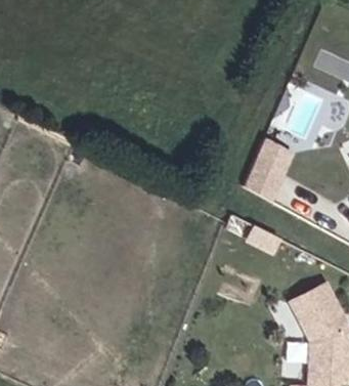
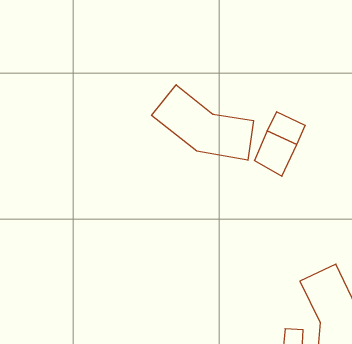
building: none -> [152,85,254,160]

